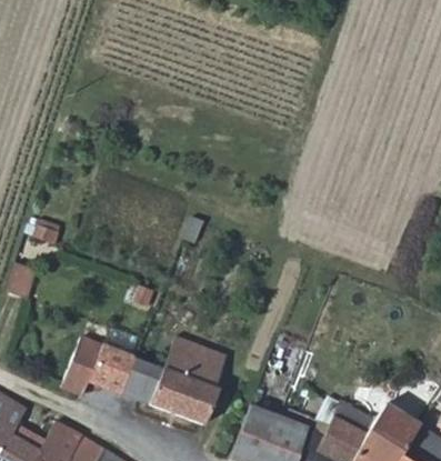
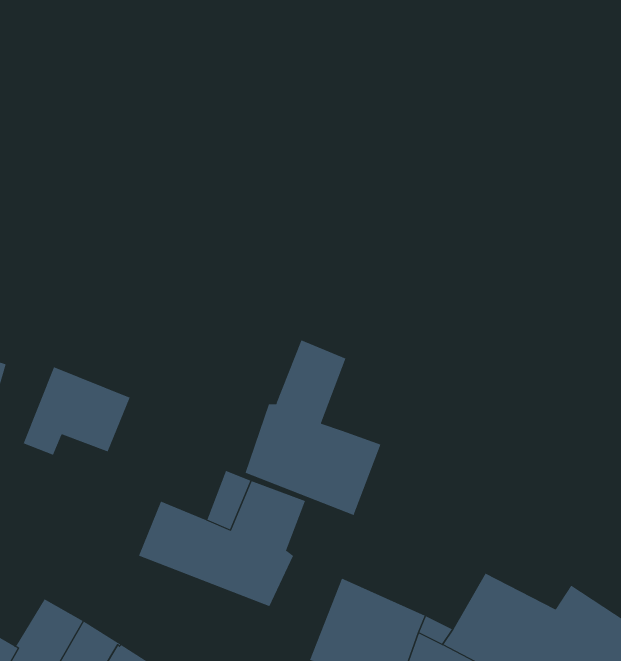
building: none -> [245,340,381,516]
building: [62,335,132,393] -> [23,367,130,456]

